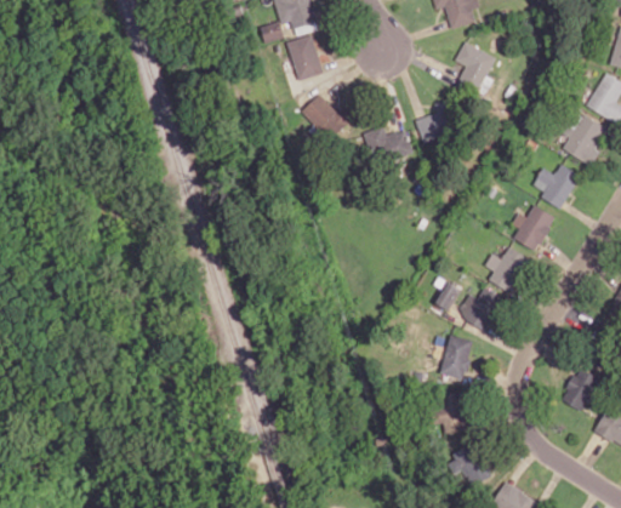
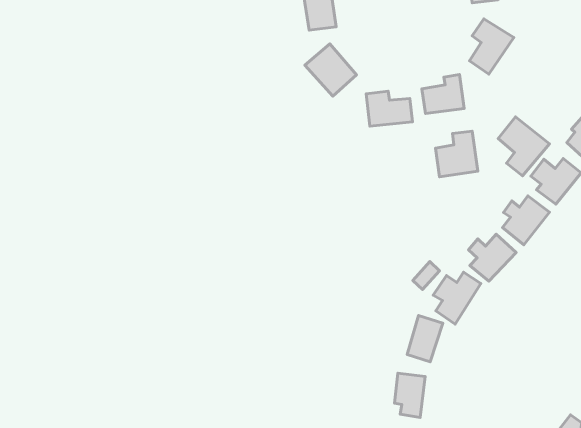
building: none -> [498,117,550,176]
building: none -> [436,131,478,177]
building: [559,366,602,412] -> none

